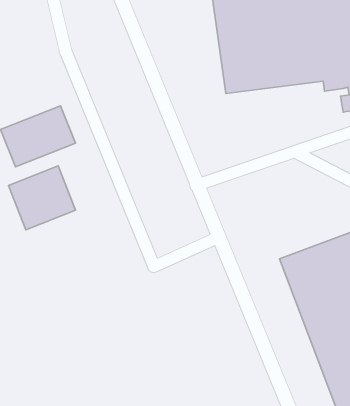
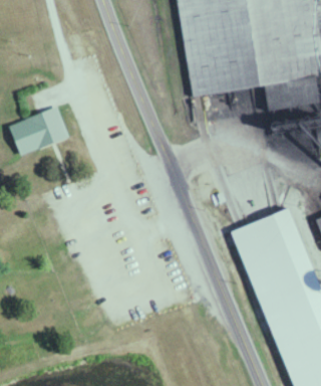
building: [8,166,75,230] -> none

